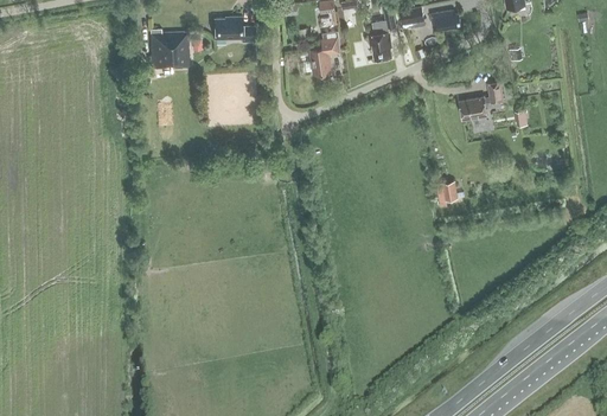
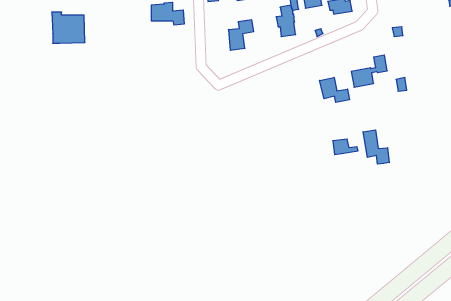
building: [149,30,190,68] -> [52,12,85,43]
building: none -> [320,77,349,102]
building: none -> [363,130,389,164]

